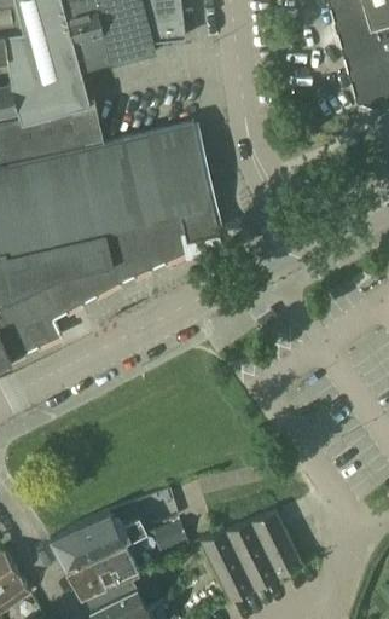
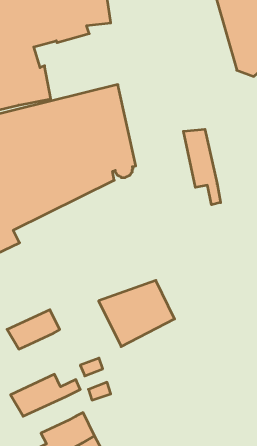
building: none -> [183,129,221,205]
building: [199,510,302,600] -> [99,280,175,347]
building: [66,543,138,596] -> [7,310,60,349]

